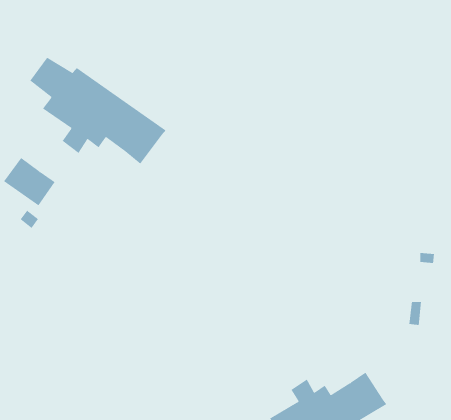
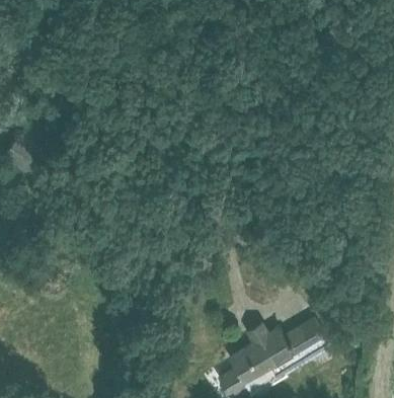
building: [29,57,167,164] -> none

